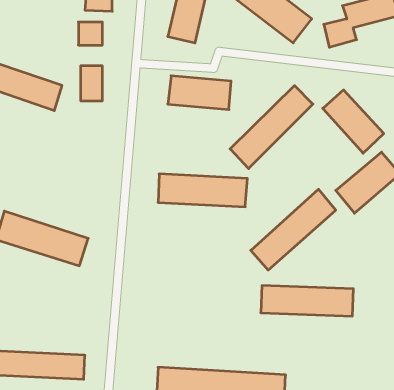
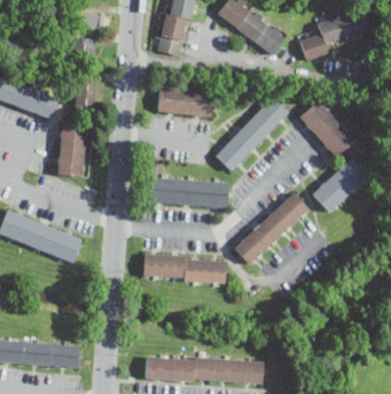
building: none -> [56,120,88,177]
building: [261,286,353,316] -> [142,255,228,283]

